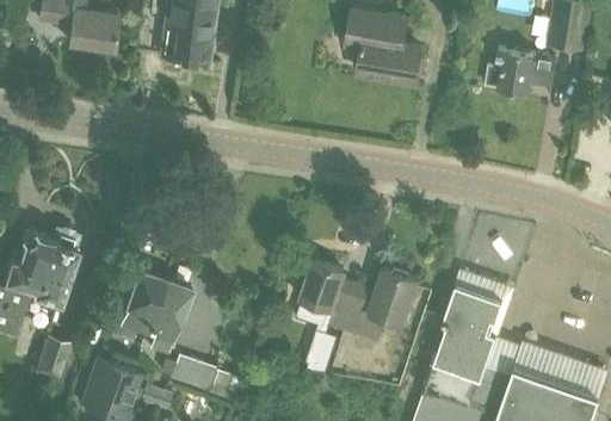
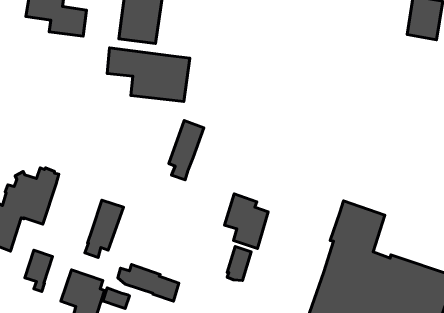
building: [346,11,420,83] -> none
building: [485,49,556,94] -> none
building: none -> [107,48,190,102]
building: [345,268,416,343] -> none
building: [146,278,192,357] -> [169,121,204,180]

